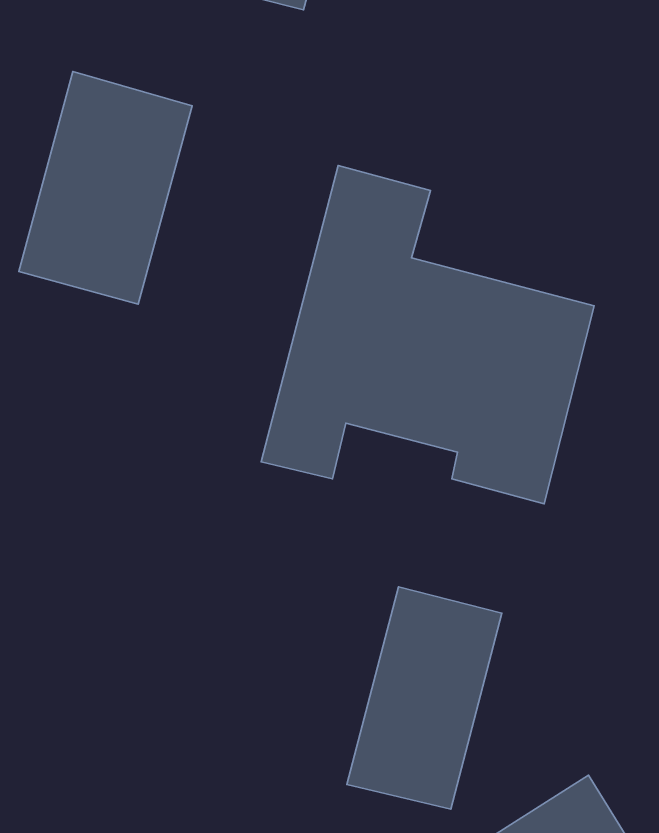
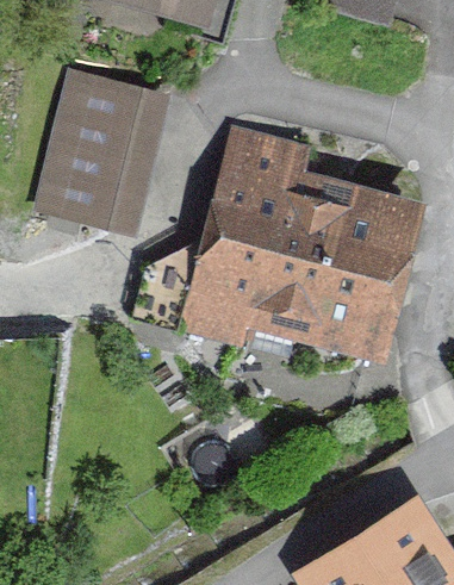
building: [347,587,502,809] -> none

